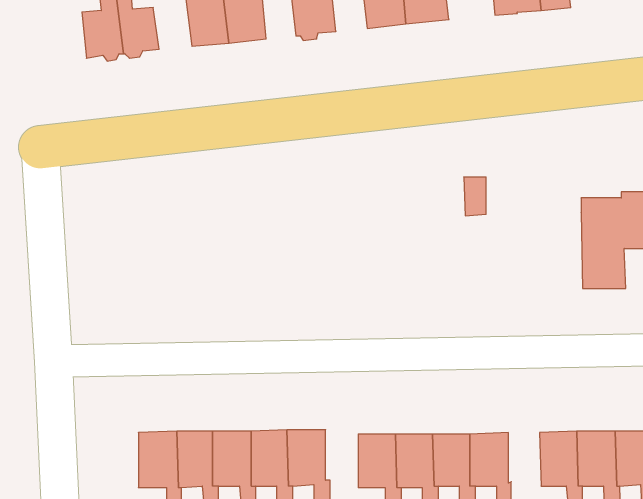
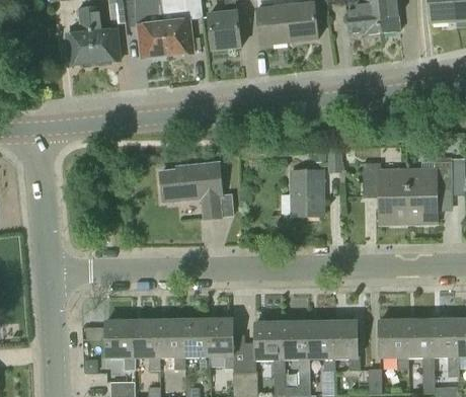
building: none -> [363,162,408,224]
building: none -> [160,163,222,219]
building: none -> [291,169,323,217]

